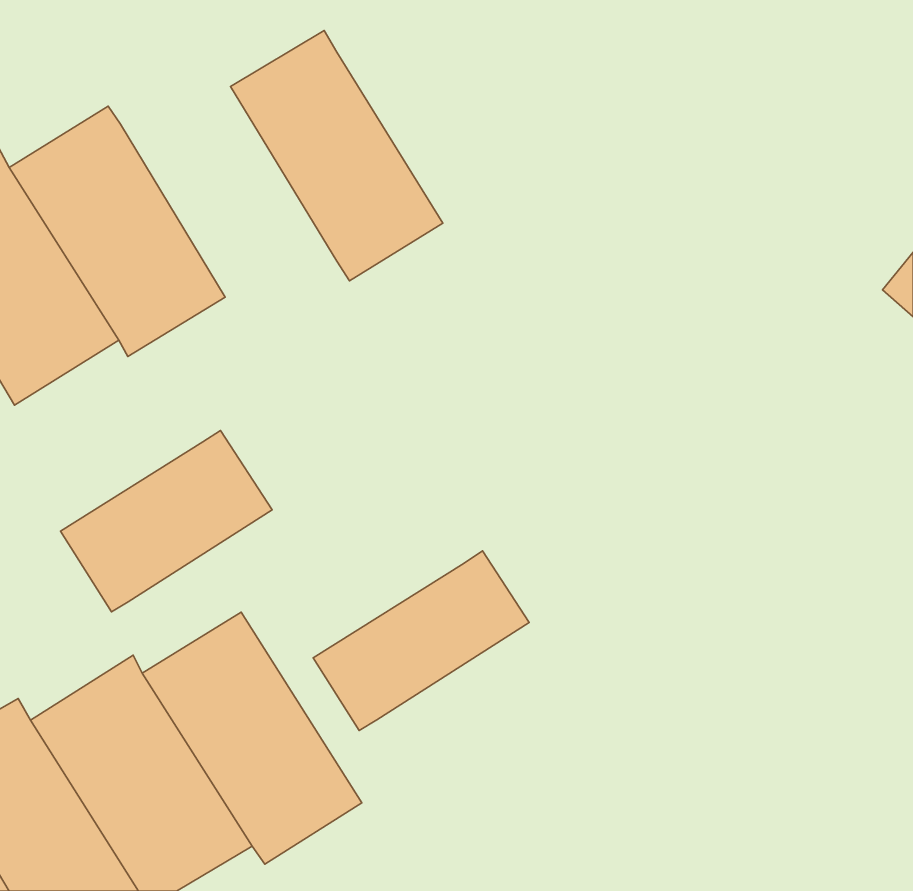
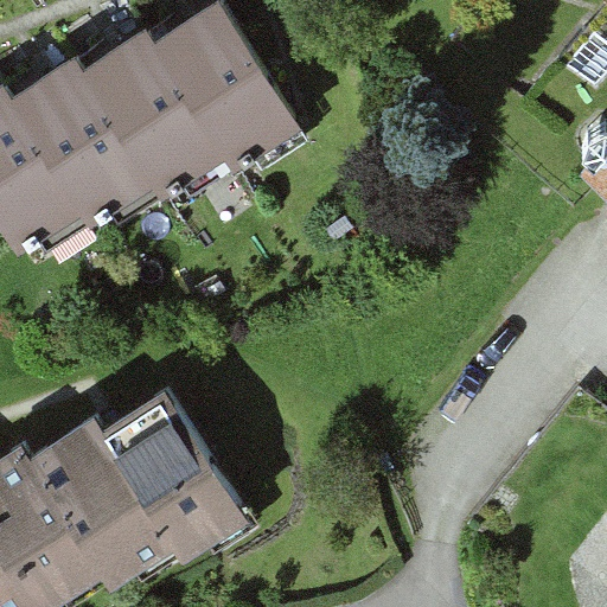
building: none -> [79,43,222,211]
building: [60,430,272,612] -> none
building: [313,551,529,731] -> none

